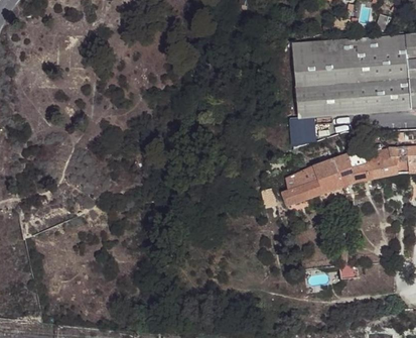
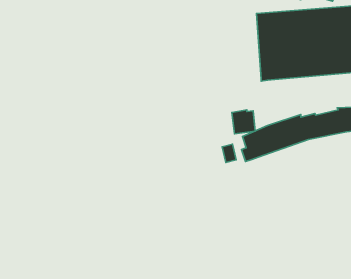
building: [290,115,315,141] -> [232,110,255,134]

